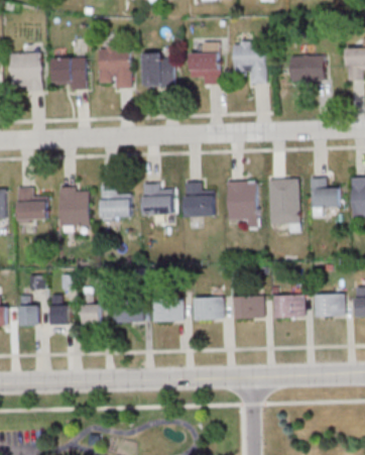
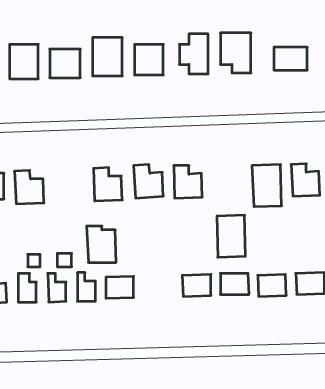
building: [227,181,257,225] -> [217,215,245,257]
building: [58,187,90,225] -> [87,226,116,262]
building: [153,299,182,321] -> none

